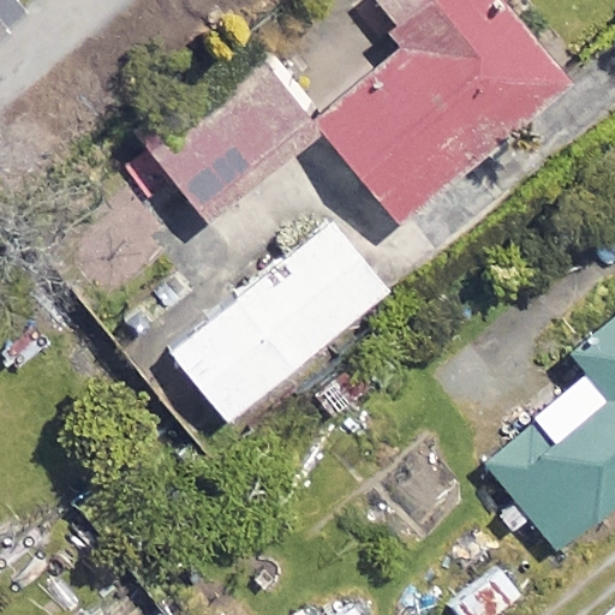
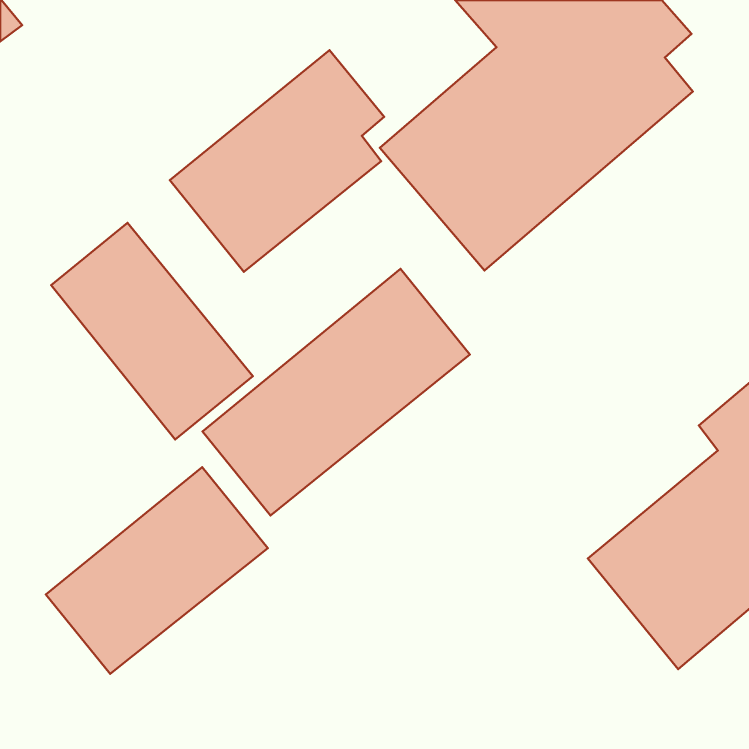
building: none -> [51,223,253,440]
building: none -> [46,467,268,674]

